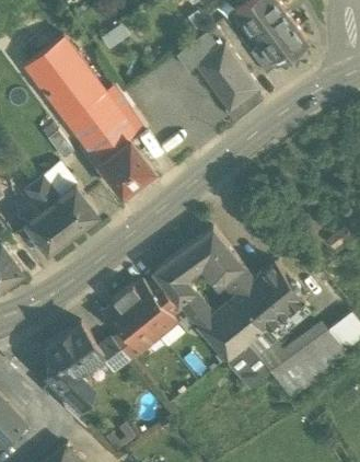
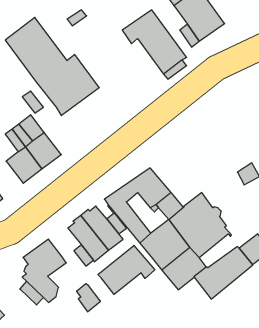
building: [96,139,153,195] -> none
building: none -> [98,245,155,294]
building: [97,336,128,372] -> [77,284,100,312]

